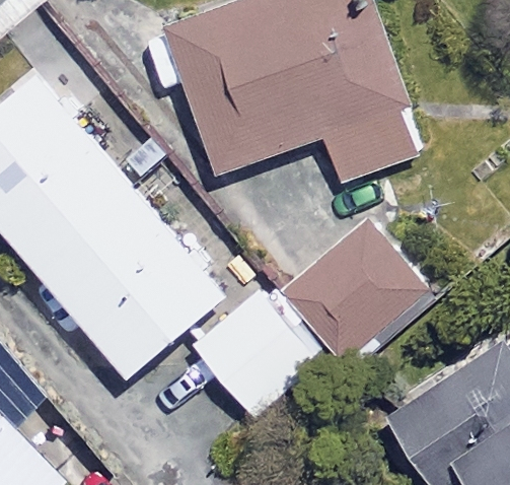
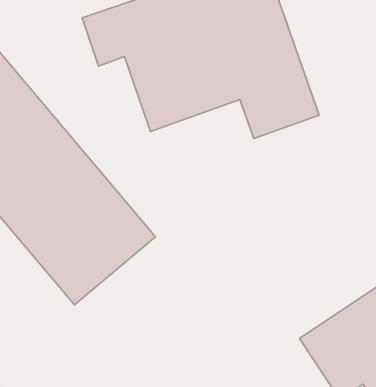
building: [288,224,427,359] -> none
building: [192,287,319,416] -> none

